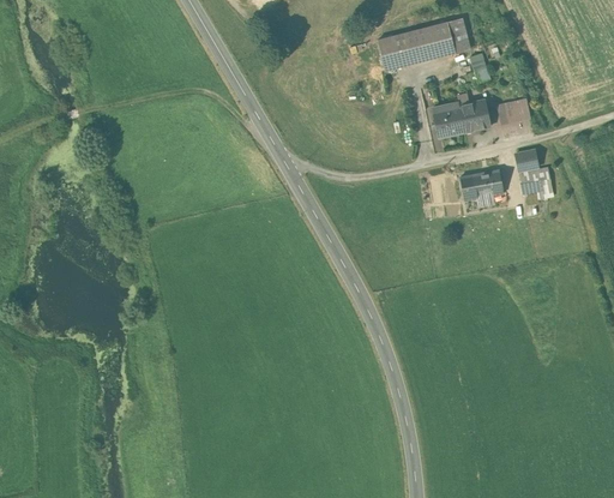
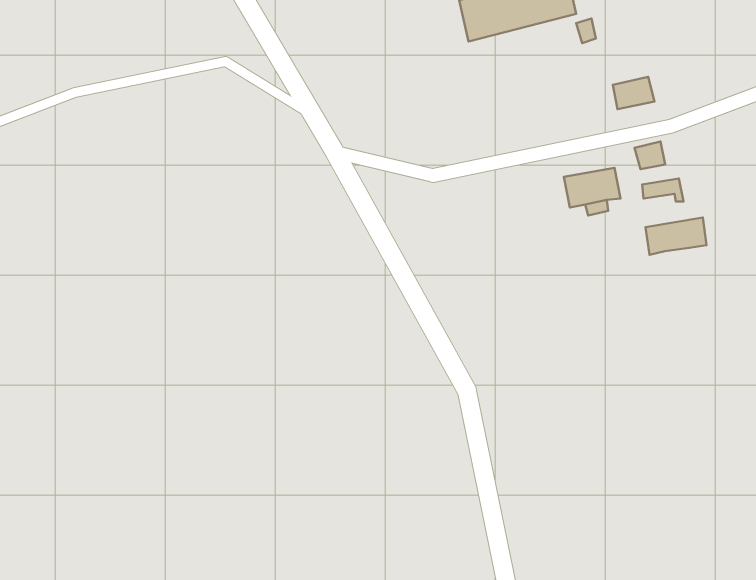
building: [432,100,489,138] -> none
building: none -> [646,218,707,255]

